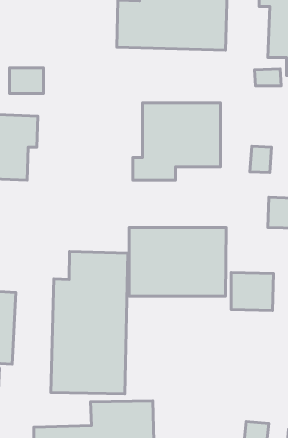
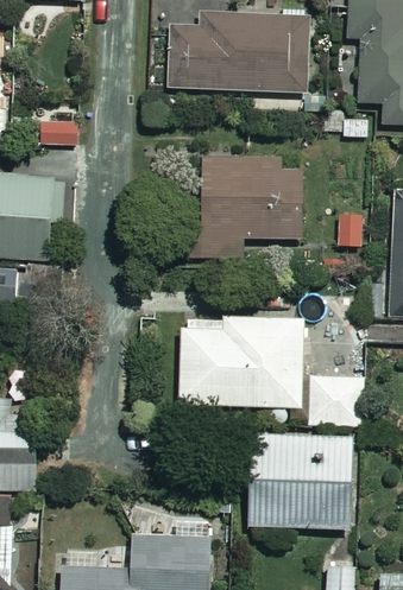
building: [51,251,128,394] -> none
building: none -> [246,434,355,527]

